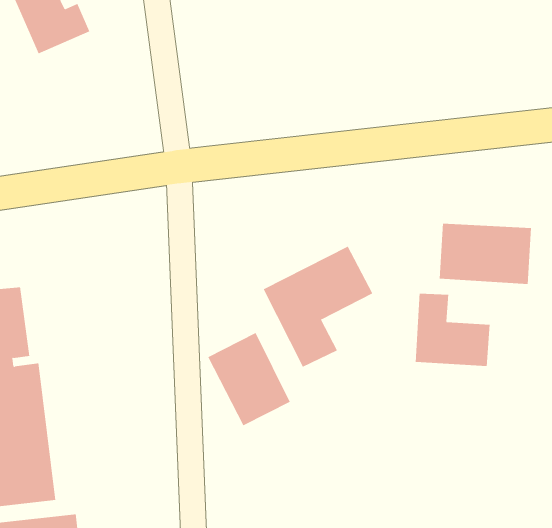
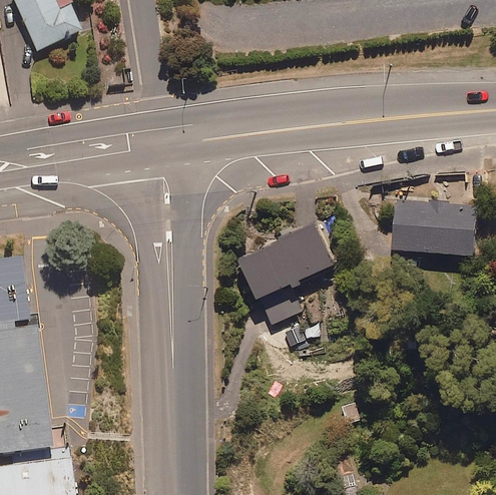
building: [415,293,490,367] -> none
building: [208,332,290,426] -> none

